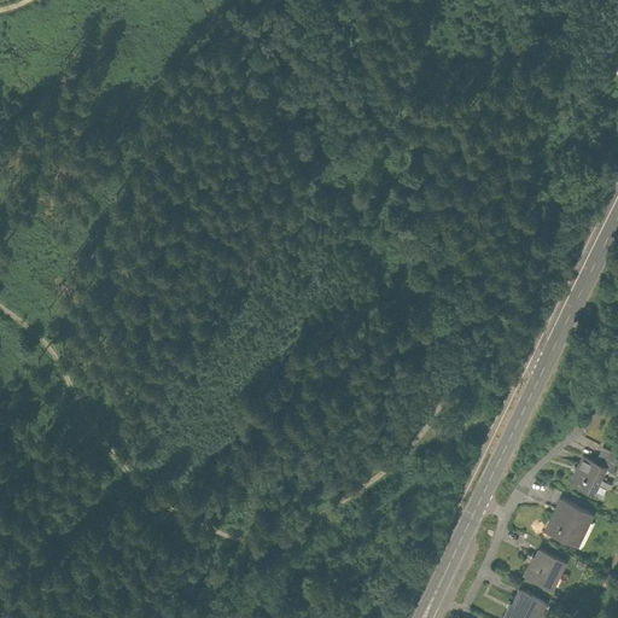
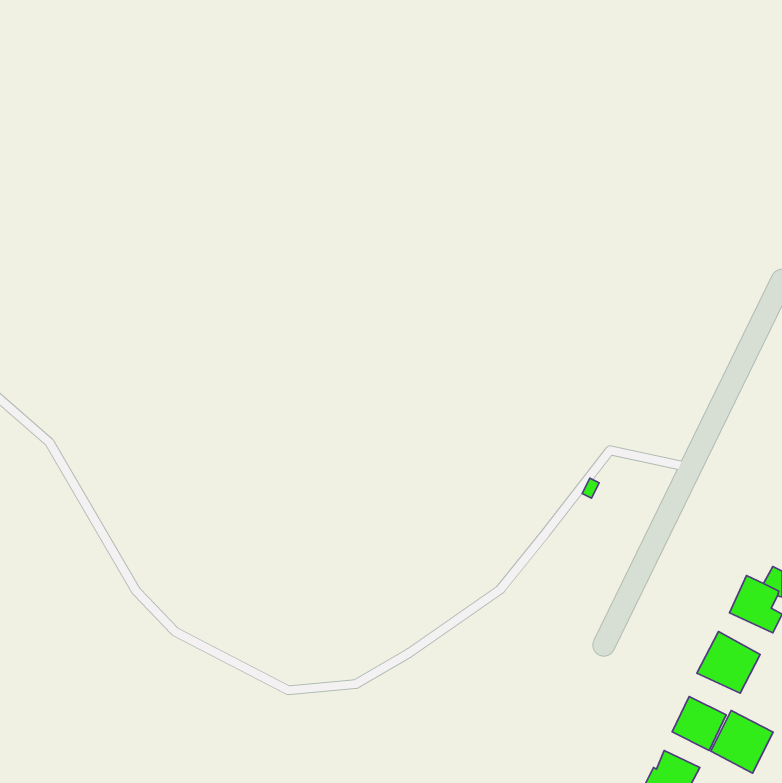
building: none -> [711,710,773,773]

